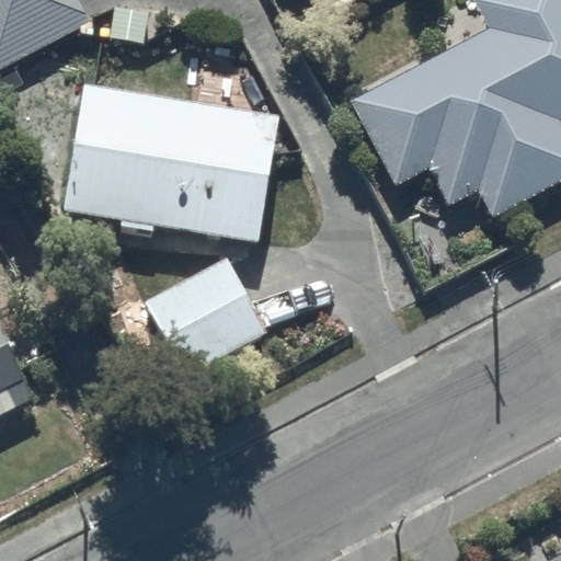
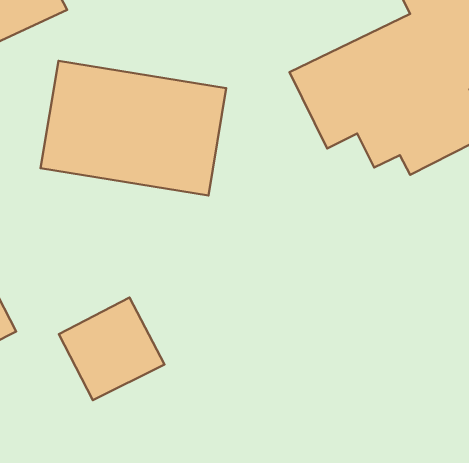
building: [145,254,267,374] -> [59,297,165,400]

